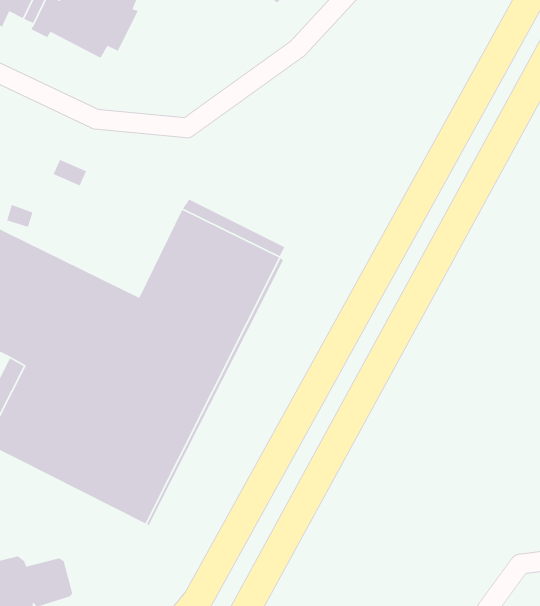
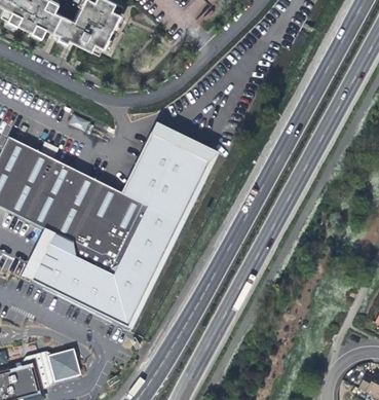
building: none -> [151,126,216,173]

